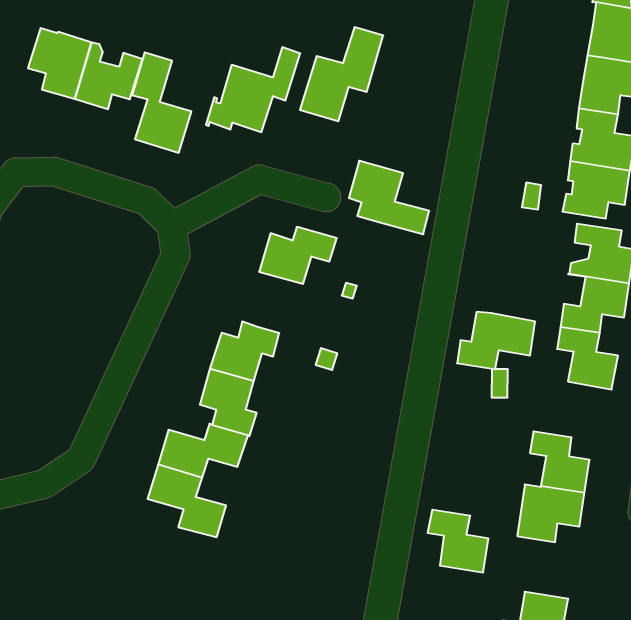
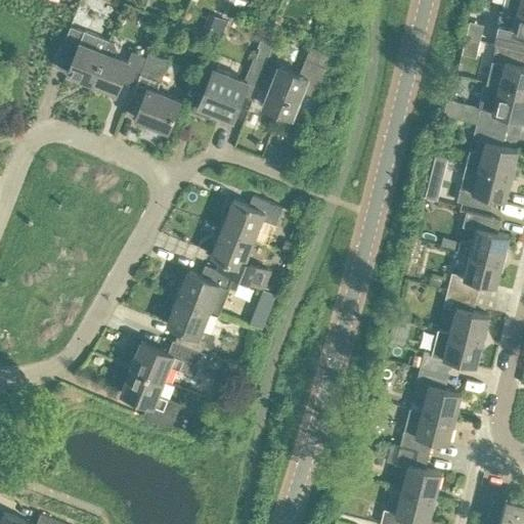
building: [349,161,429,234] -> [211,229,271,290]
building: [457,312,535,369] -> [420,332,482,377]
building: [428,510,488,572] -> [395,448,441,499]

